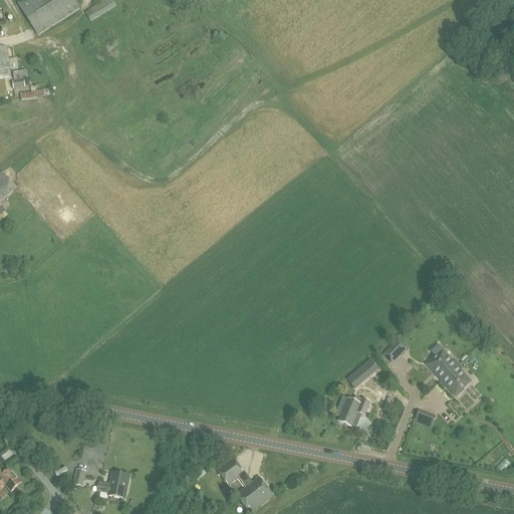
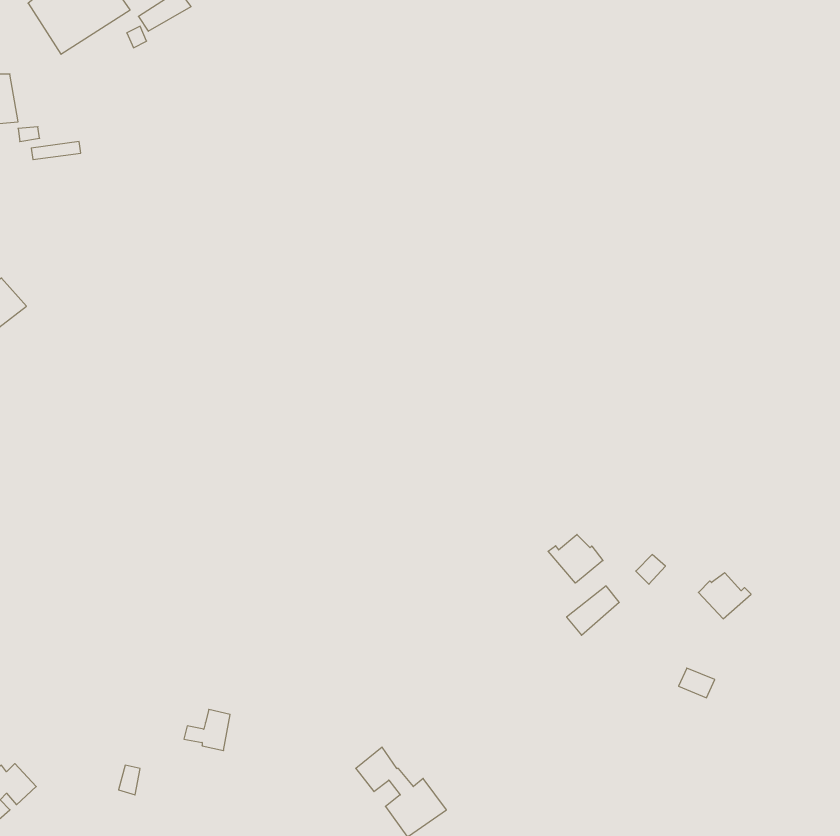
building: none -> [548,534,603,583]
building: [441,362,469,395] -> none
building: [333,394,369,425] -> none
building: [96,471,124,496] -> [184,709,230,751]

